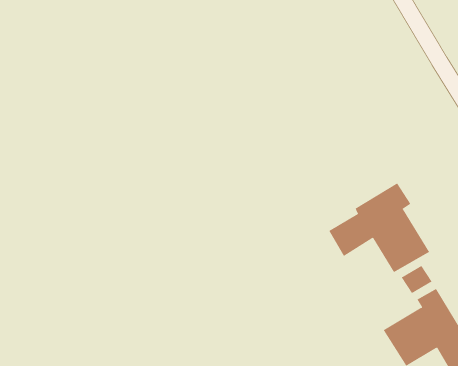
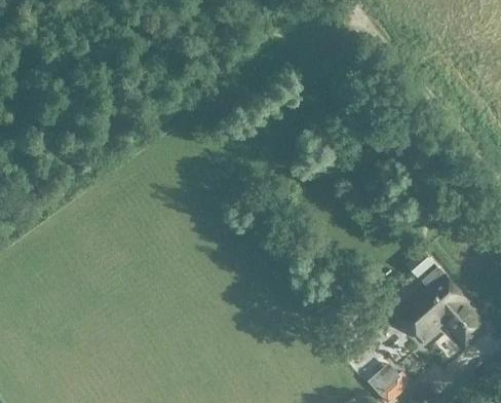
building: [329,182,430,273] -> none

